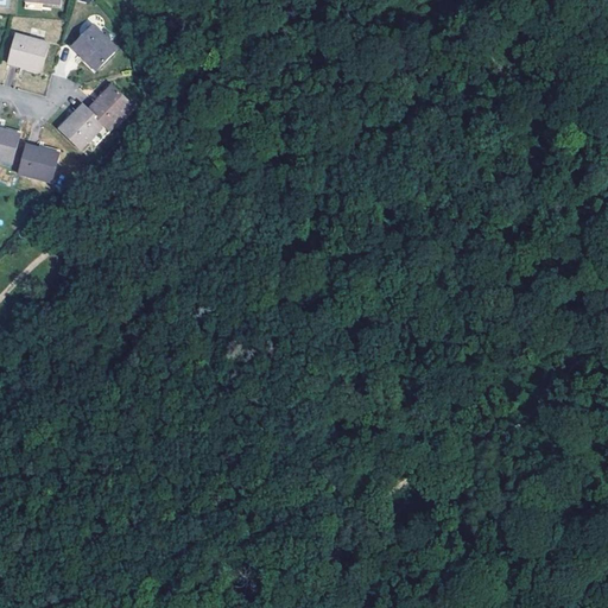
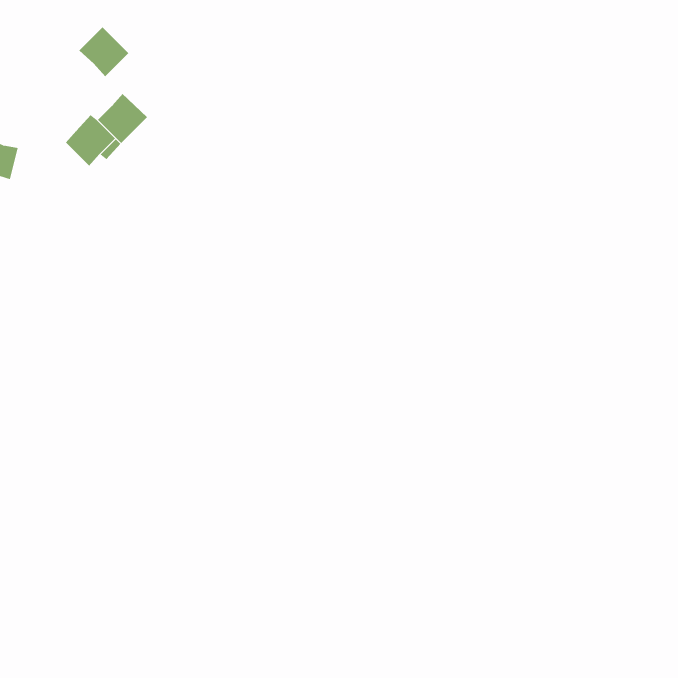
building: [7,33,46,70] -> none
building: [17,142,57,179] -> none

